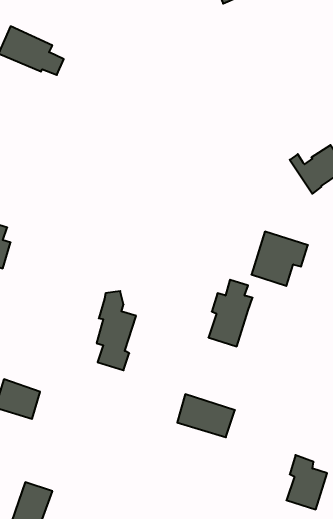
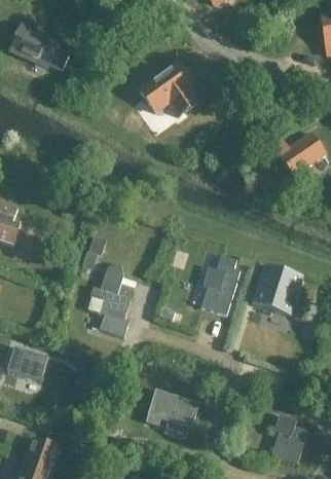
building: none -> [139,63,197,116]
building: [251,232,308,286] -> [252,265,303,315]
building: [177,394,235,437] -> [147,389,199,428]

